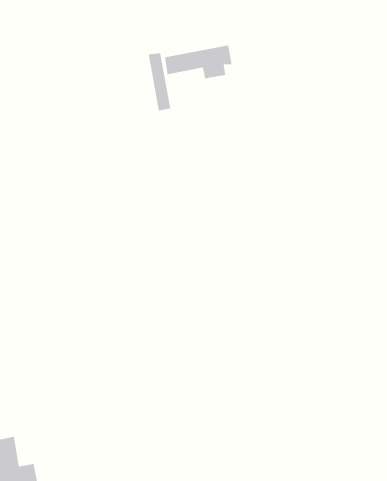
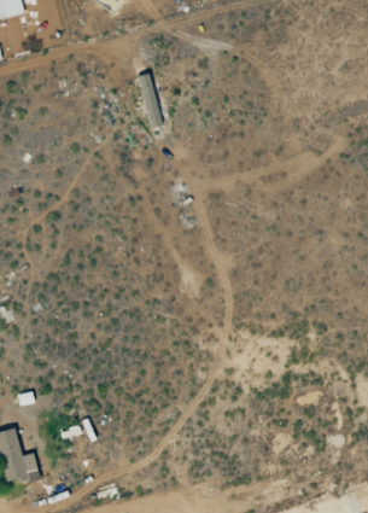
building: [164,45,233,79] -> none

